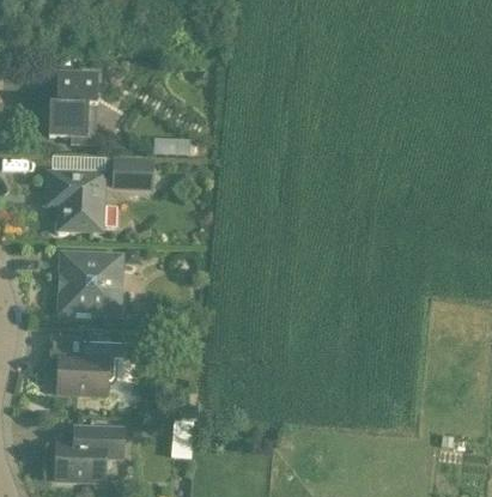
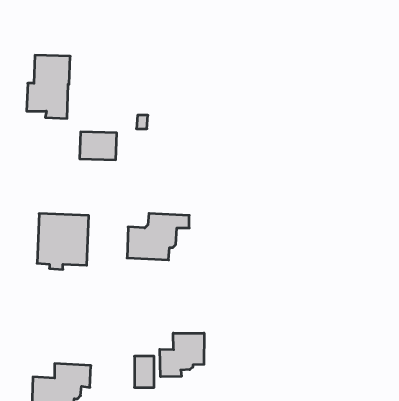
building: [47,169,105,231] -> none
building: [57,339,129,393] -> [127,213,189,260]
building: none -> [160,333,204,377]

